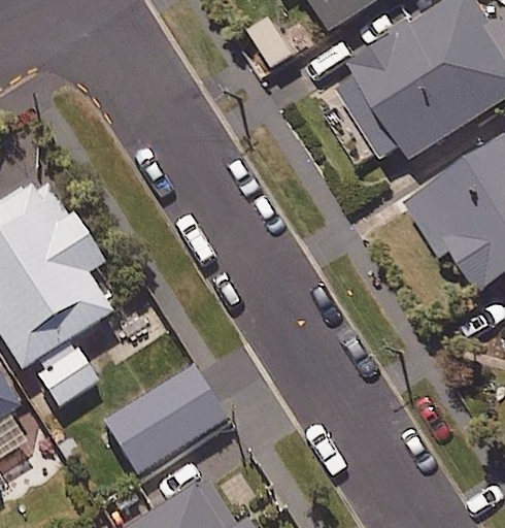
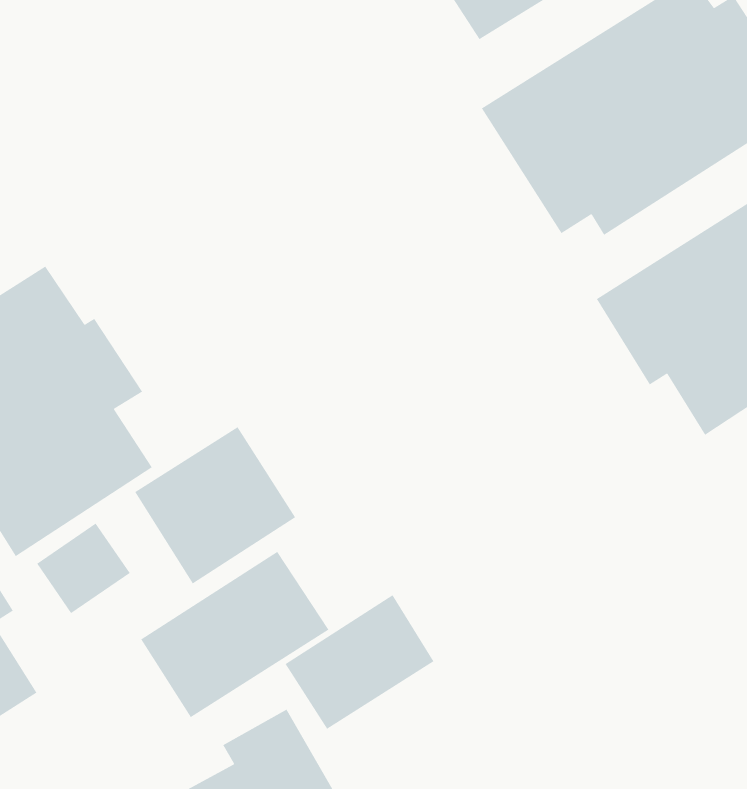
building: none -> [134,426,296,585]
building: none -> [284,594,435,730]

